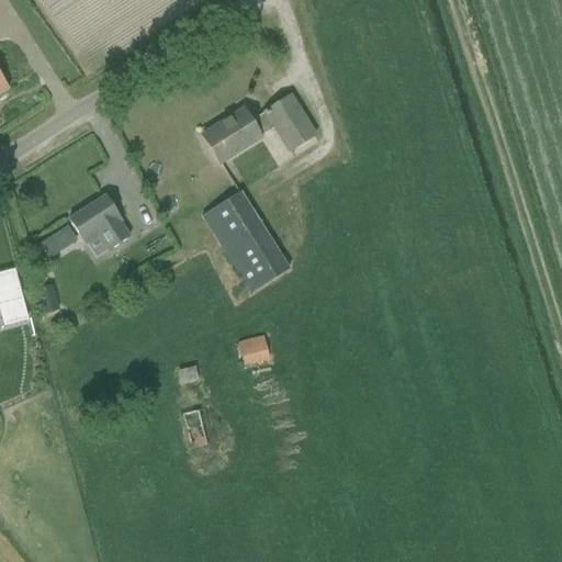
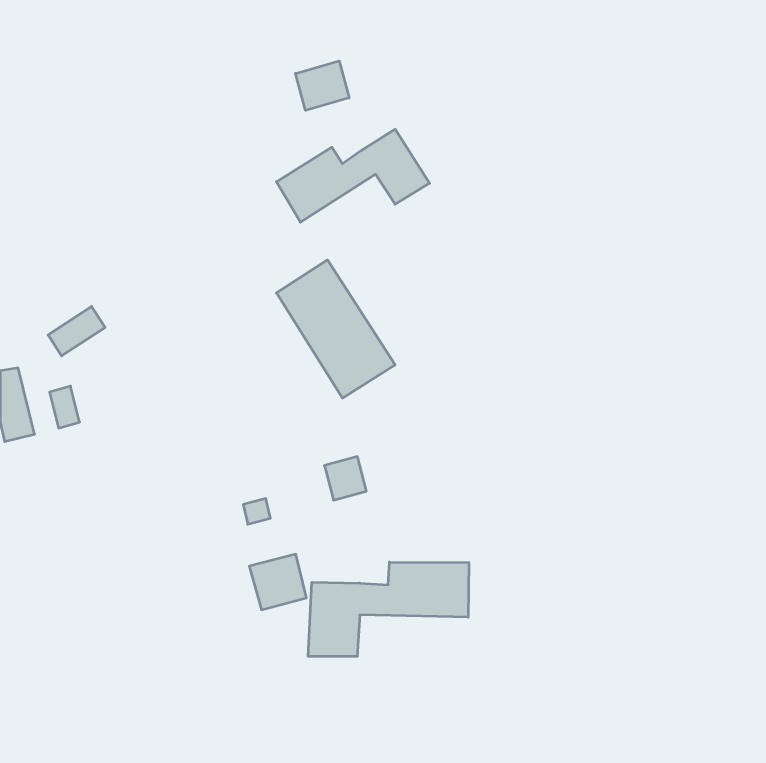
building: none -> [295,61,349,110]
building: [69,194,131,249] -> none
building: none -> [308,562,469,656]

